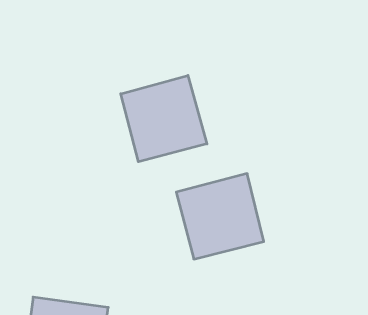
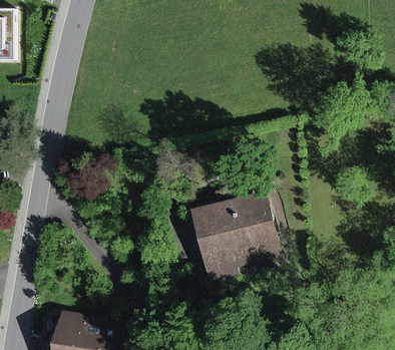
building: [121,75,207,162] -> none

